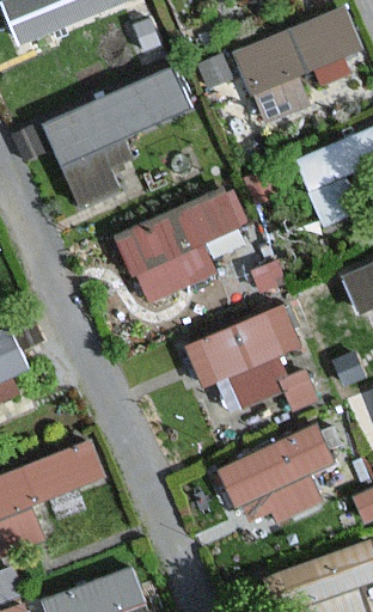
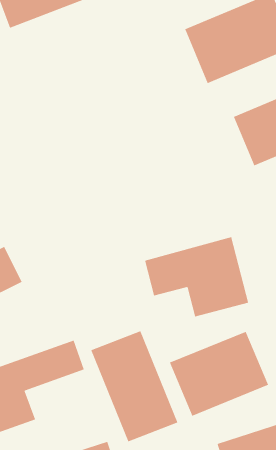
building: [42,68,195,208] -> none
building: [115,190,250,305] -> none
building: none -> [90,330,178,442]

